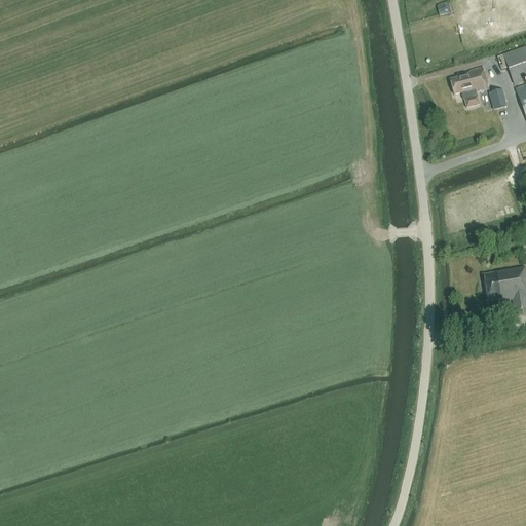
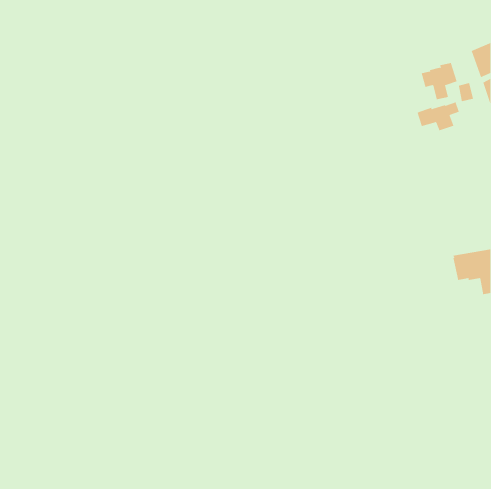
building: none -> [417,102,460,131]

